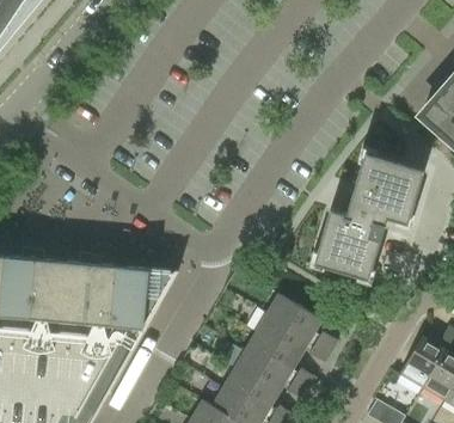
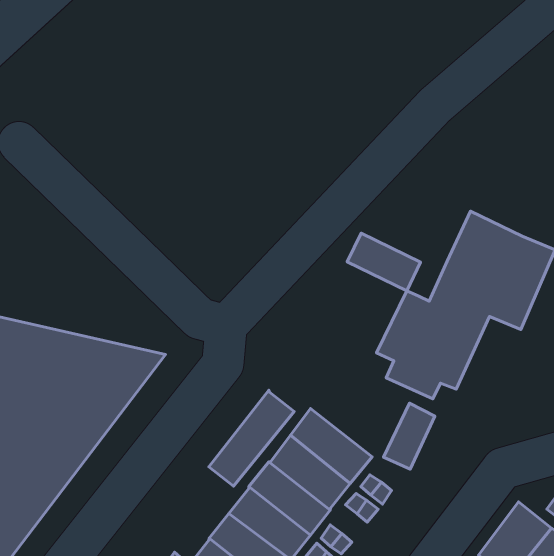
building: none -> [347,233,420,291]
building: none -> [384,403,435,469]
building: none -> [209,390,294,486]

